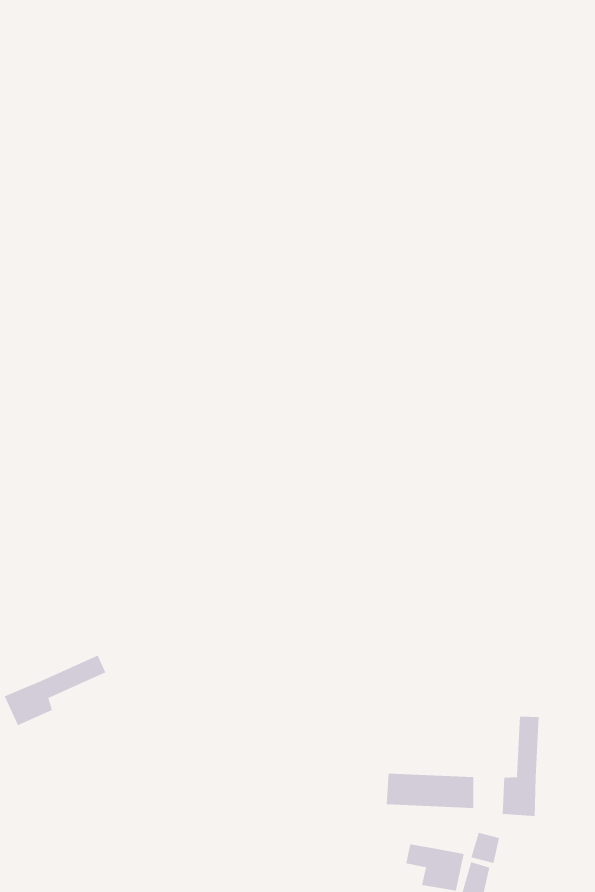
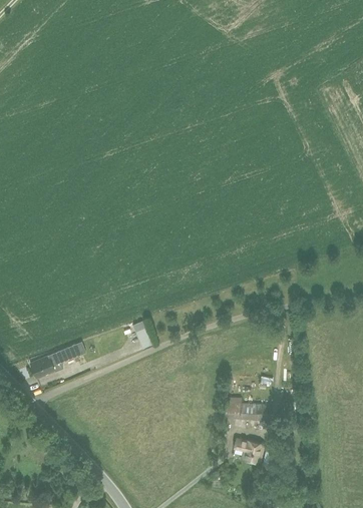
building: [502,716,539,817] -> none

